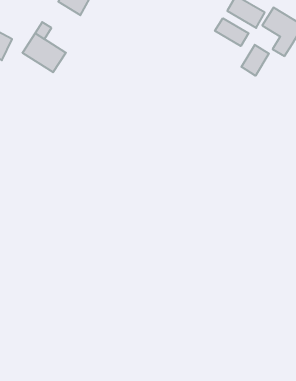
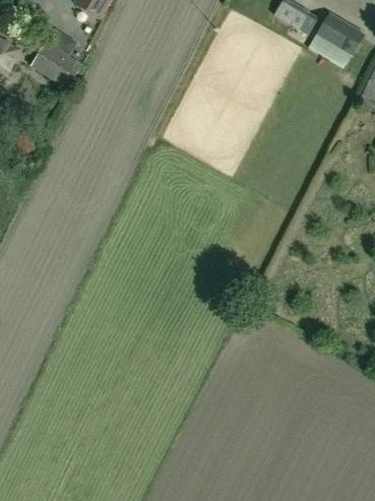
building: [215,18,249,46] -> none
building: [241,45,269,76] -> none

